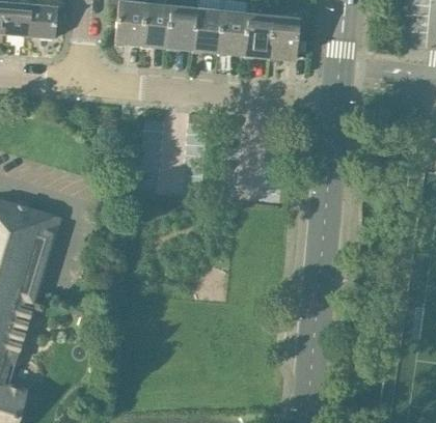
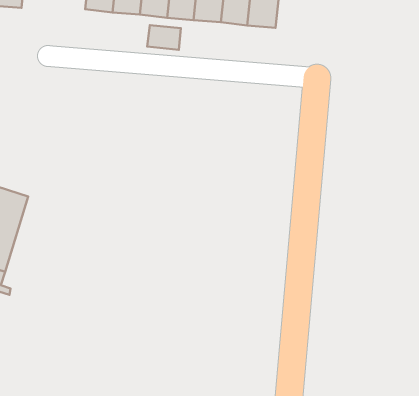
building: none -> [147,25,181,50]

